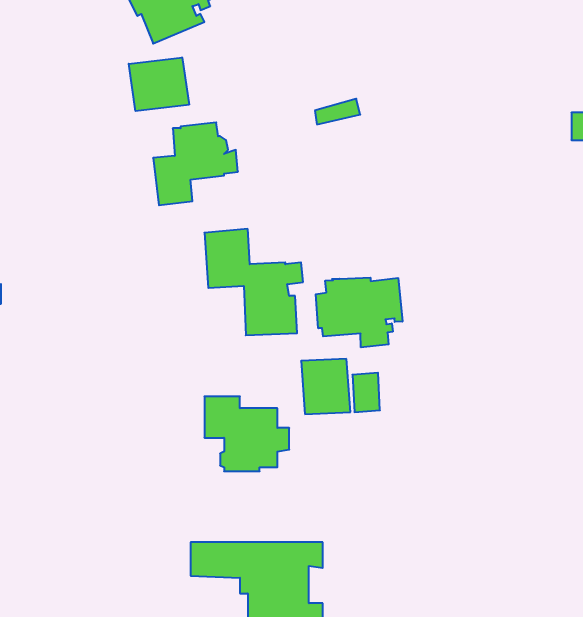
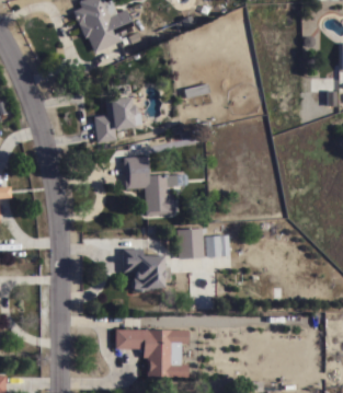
building: [129,57,189,111] -> none
building: [316,278,402,347] -> none

